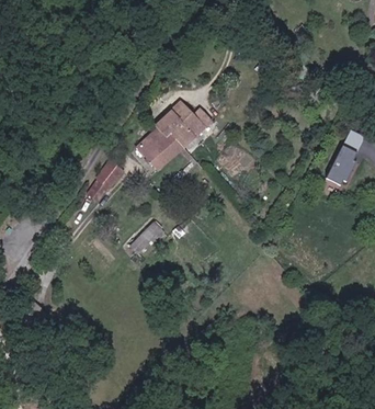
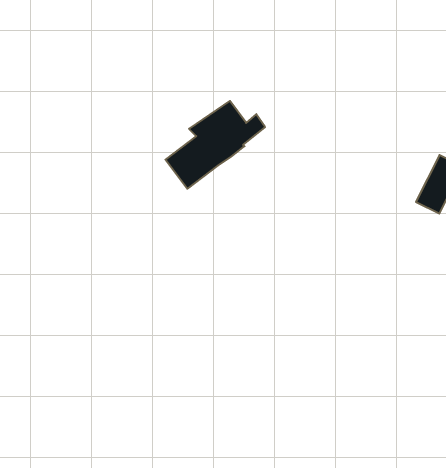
building: [88,160,125,200] -> none
building: [130,219,166,251] -> none

